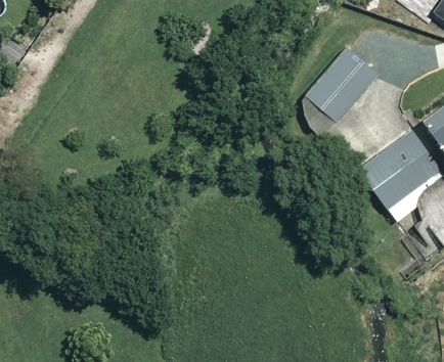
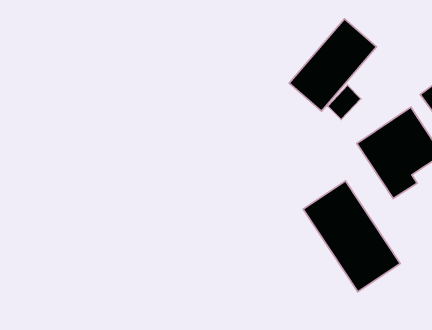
building: none -> [303,181,400,292]

